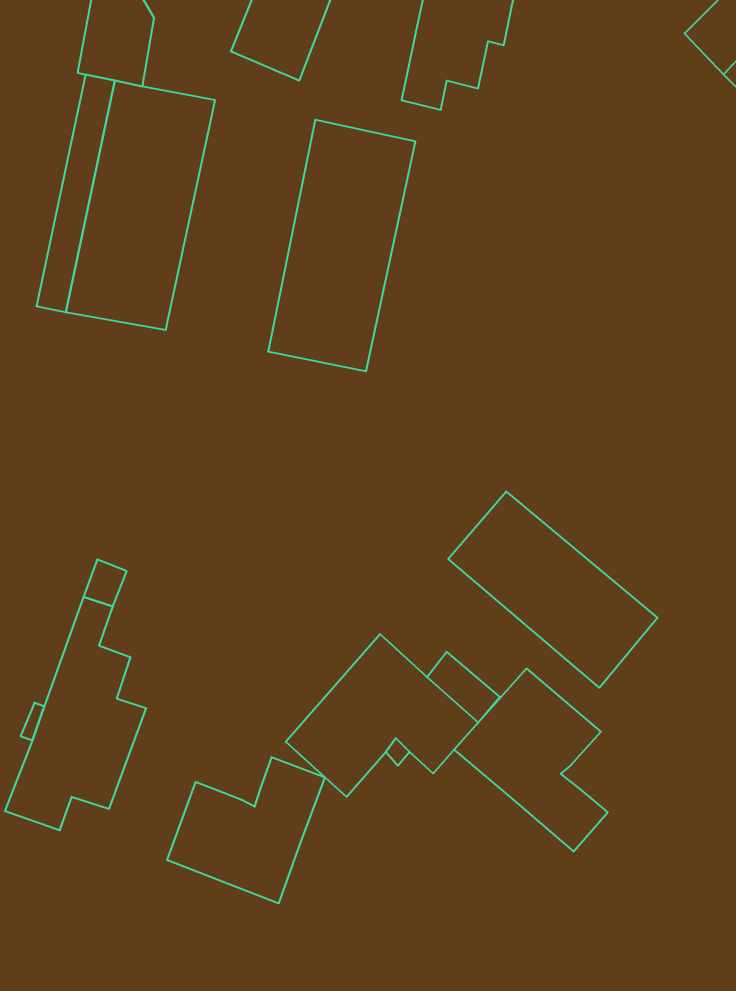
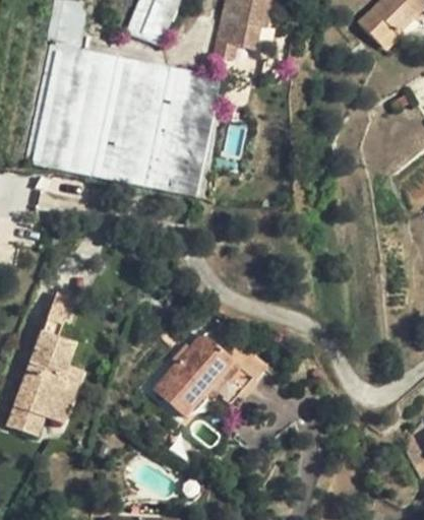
building: none -> [92,56,169,186]
building: [448,491,658,688] -> none
building: [454,669,608,852] -> none
building: [167,757,325,903] -> none

